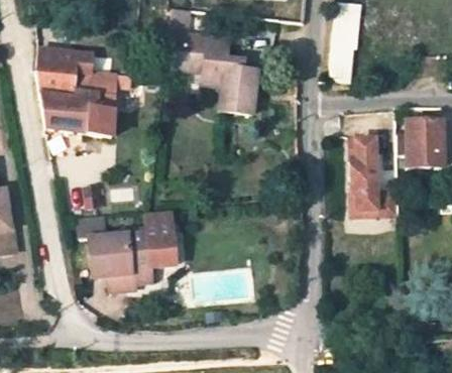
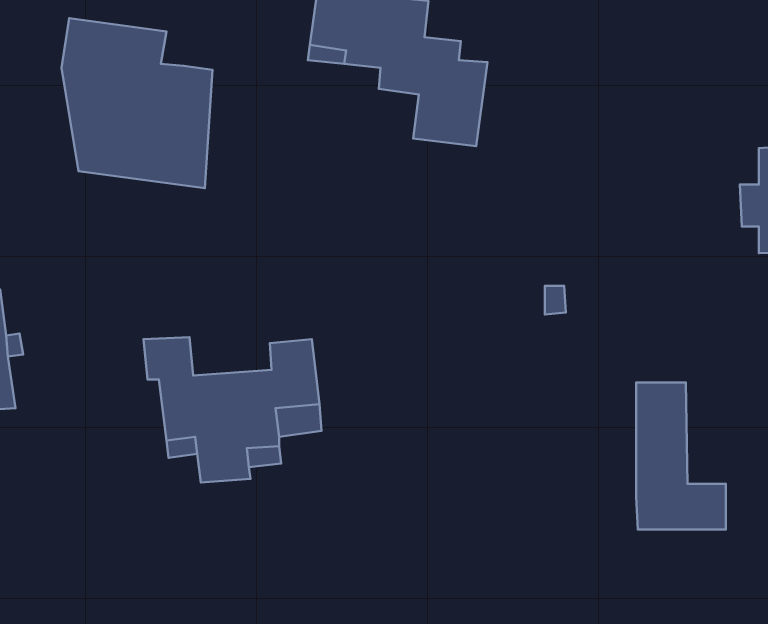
building: [326,45,350,89] -> none
building: [350,139,398,217] -> [636,382,726,530]

